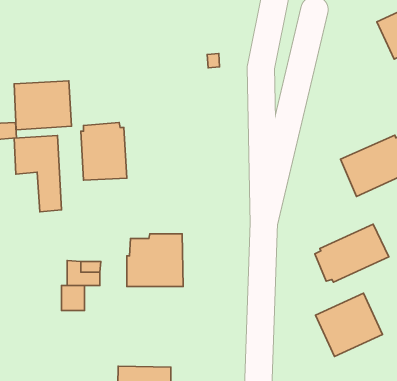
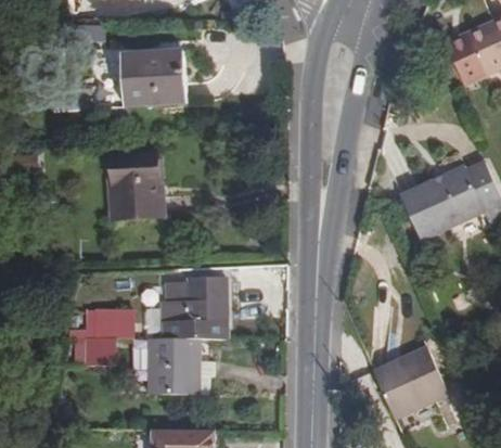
building: [14,81,72,130] -> [121,51,187,106]
building: [14,136,62,212] -> none
building: [315,224,389,282] -> none
building: none -> [149,338,209,396]

